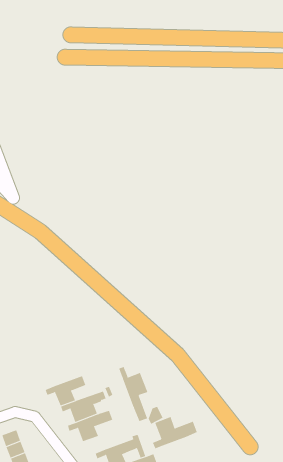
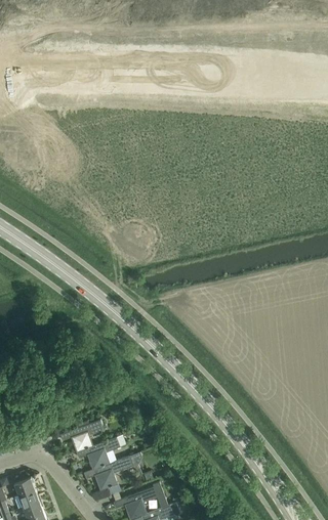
building: [119,366,148,422] -> none
building: [152,416,198,449] -> none

